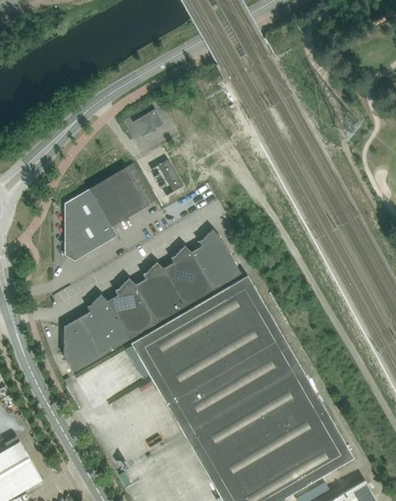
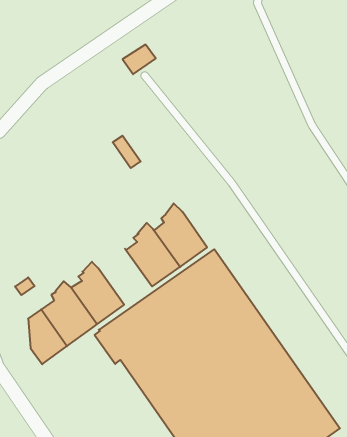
building: [132,109,164,137] -> [123,45,156,74]
building: [67,163,155,259] -> none
building: [135,261,185,322] -> none

